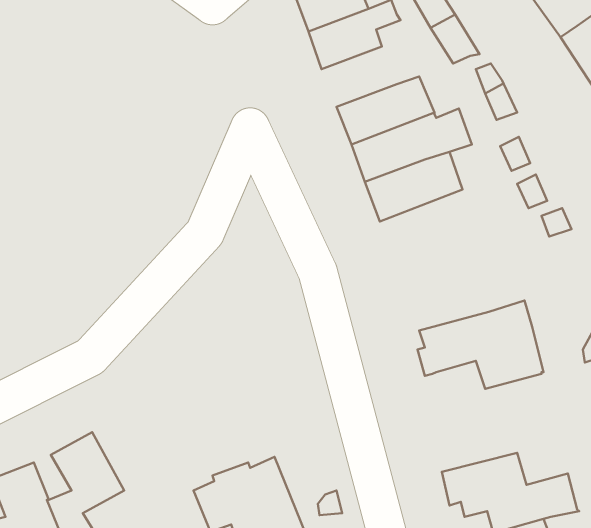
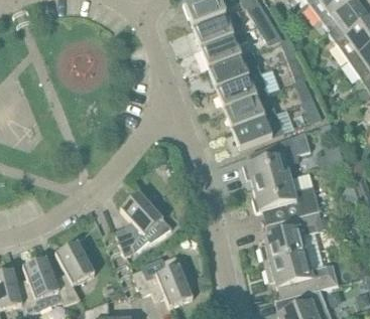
building: none -> [201,29,248,66]
building: none -> [232,111,284,149]
building: none -> [243,133,311,186]
building: none -> [115,190,171,255]
building: none -> [260,209,324,262]

